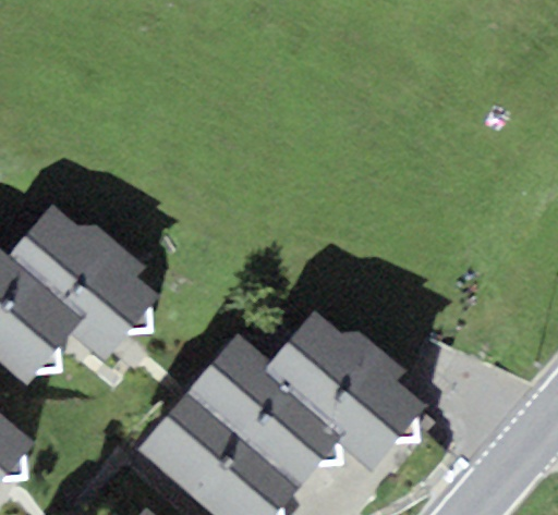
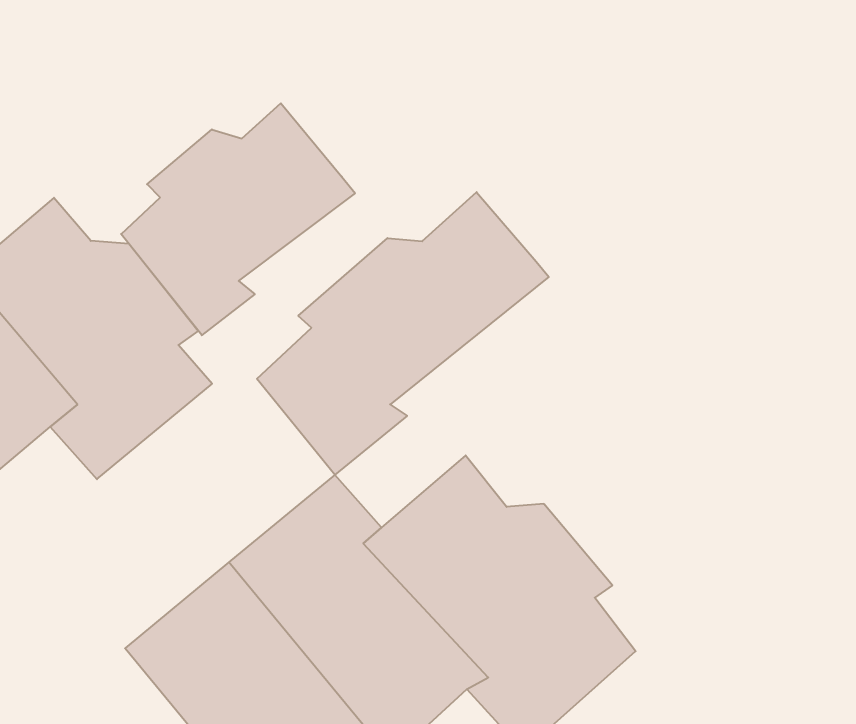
building: none -> [121,103,355,335]
building: none -> [257,192,549,475]

